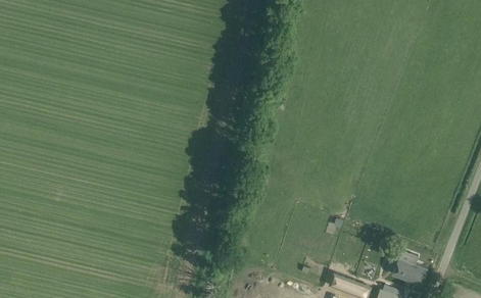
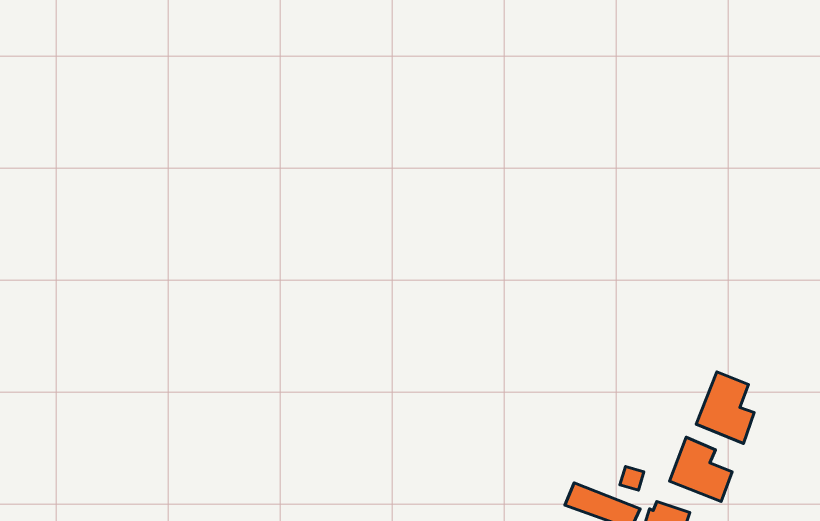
building: none -> [696,372,754,443]

